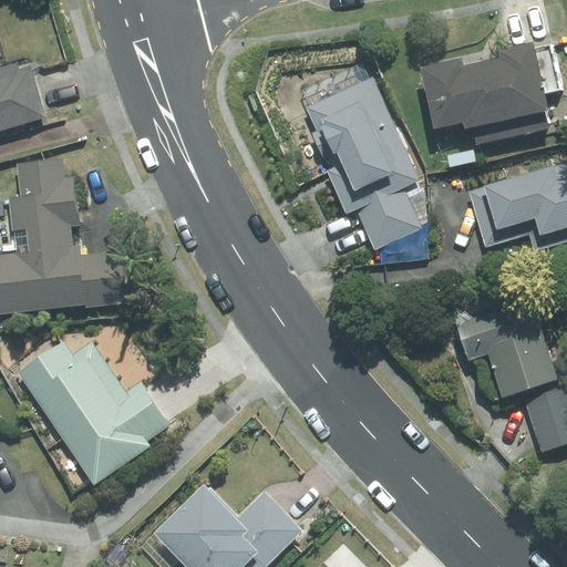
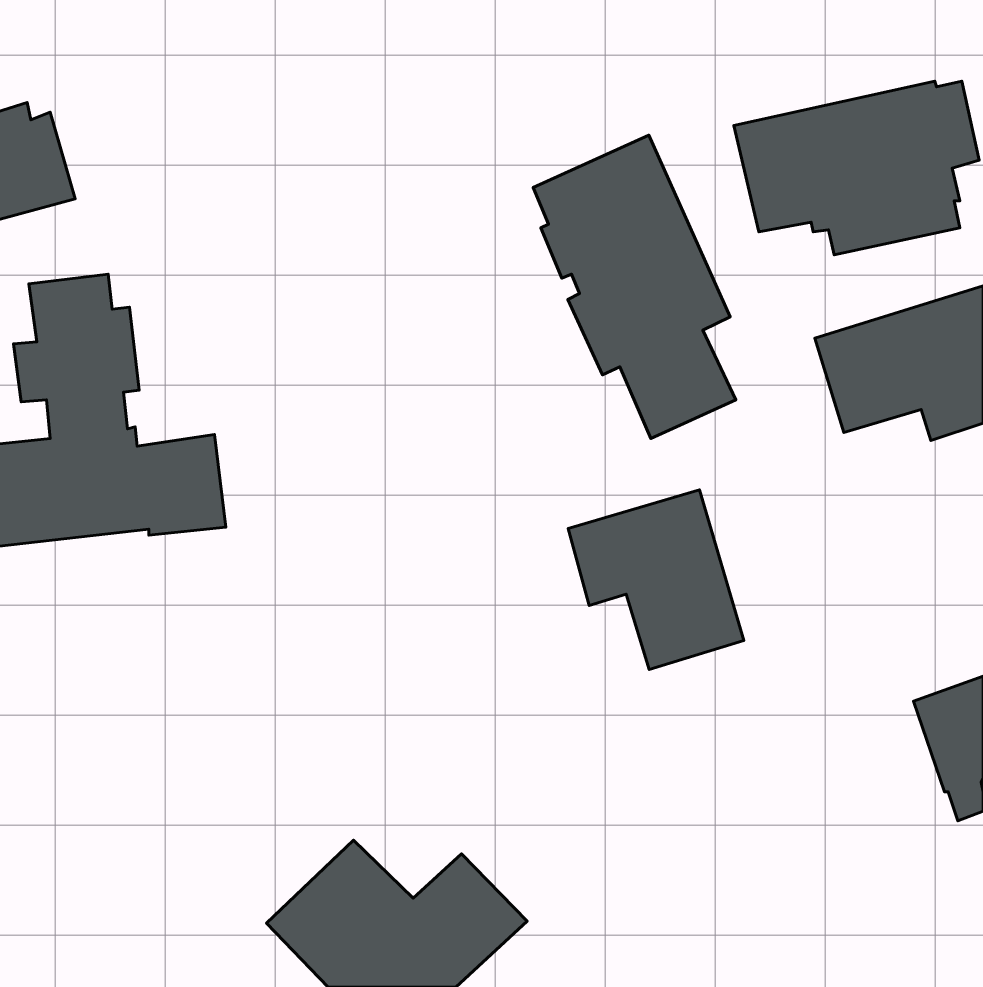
building: [455,297,556,400] -> [568,490,744,669]
building: [17,340,169,483] -> none

